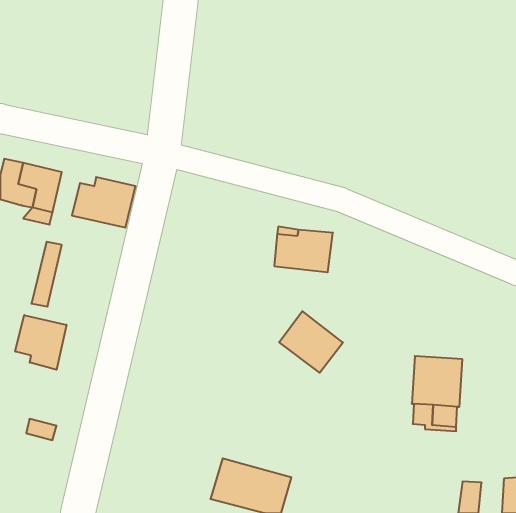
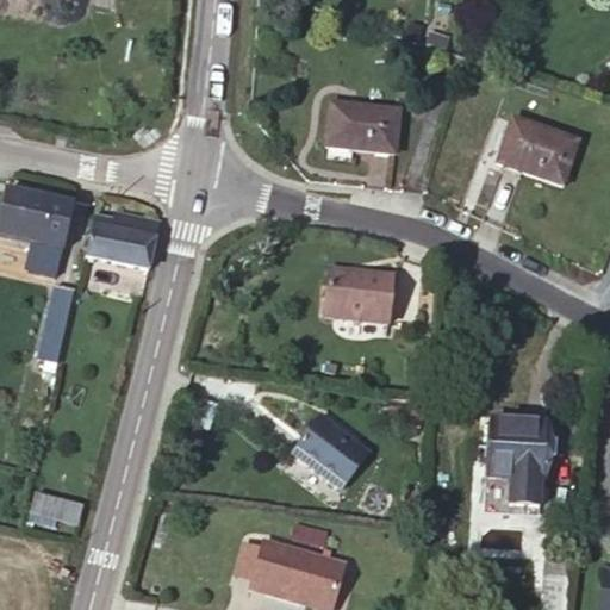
building: none -> [325,101,399,154]
building: none -> [498,118,579,185]
building: [279,311,343,373] -> [293,415,368,487]
building: [15,315,66,370] -> none

